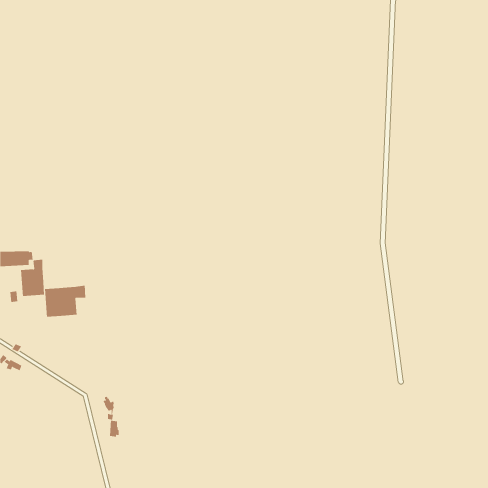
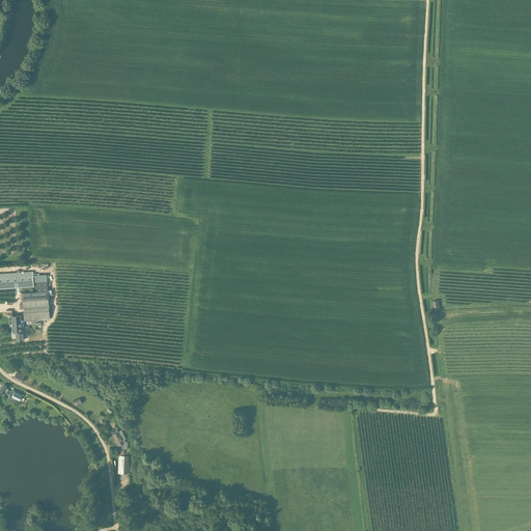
building: [45,285,86,318] -> none

